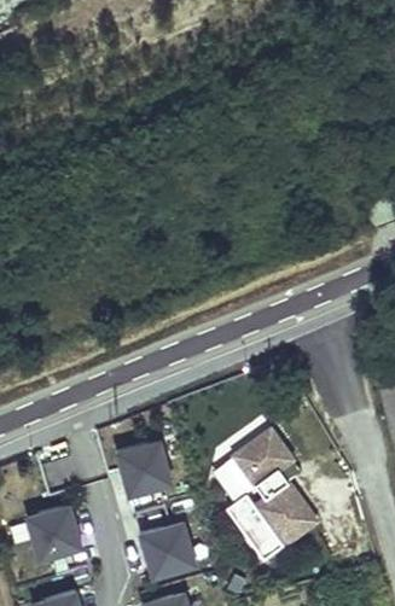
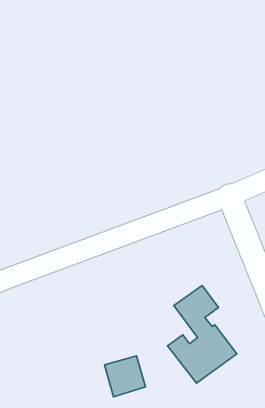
building: [118,442,173,496] -> none
building: [28,507,82,561] -> none

